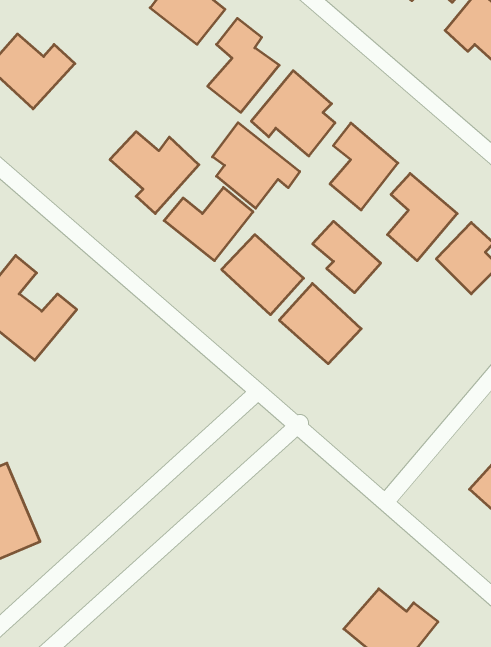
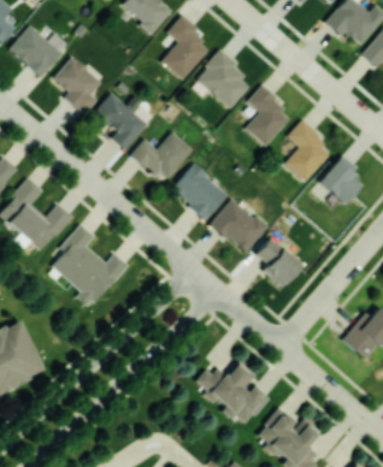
building: none -> [53,57,102,116]
building: [212,123,300,208] -> none
building: [313,221,381,293] -> [254,236,301,285]
building: none -> [52,224,128,308]
building: none -> [199,362,269,426]

